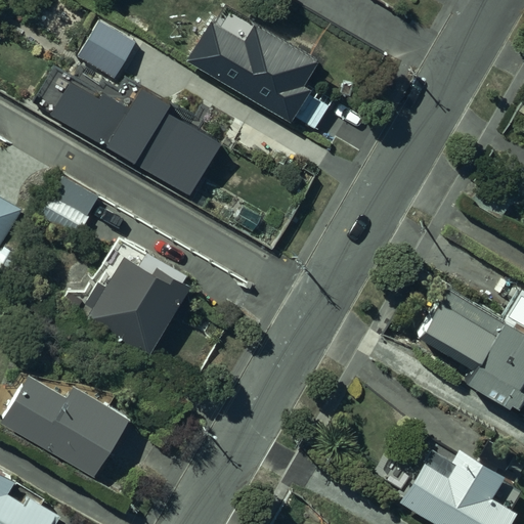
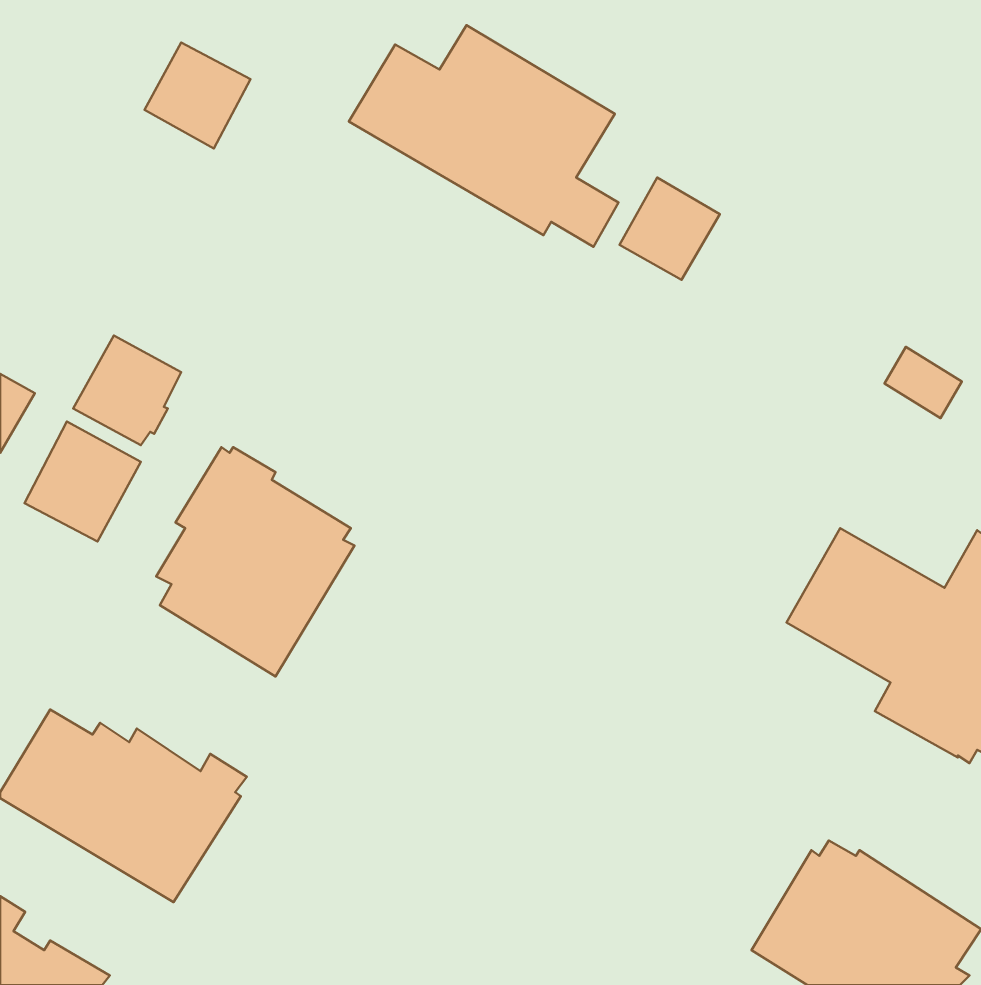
building: [32,66,218,199] -> none
building: none -> [620,177,720,280]
building: none -> [25,422,141,541]

